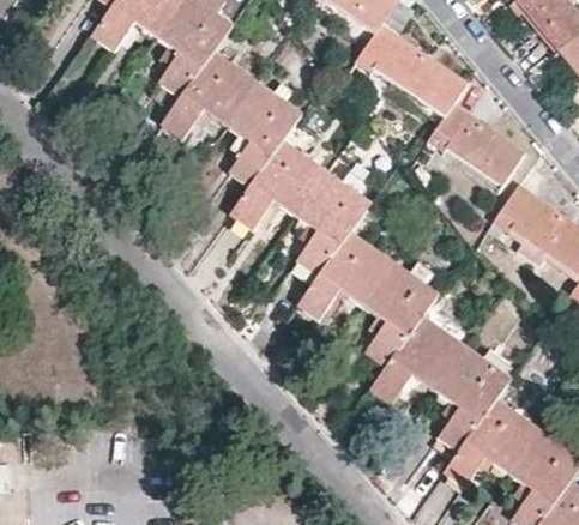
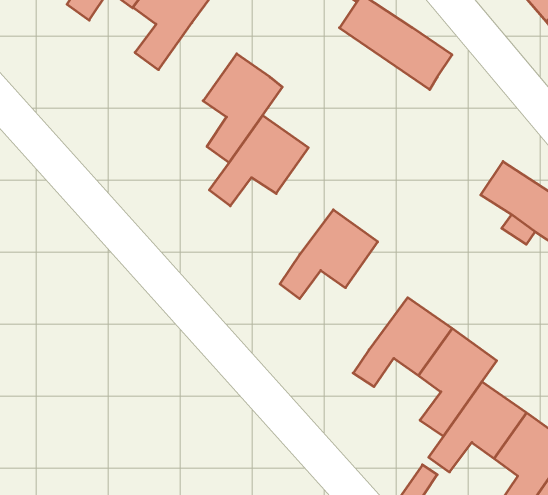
building: [163,50,258,138] -> none
building: [430,103,524,183] -> none
building: [296,171,370,274] -> none
building: [363,262,439,367] -> none

